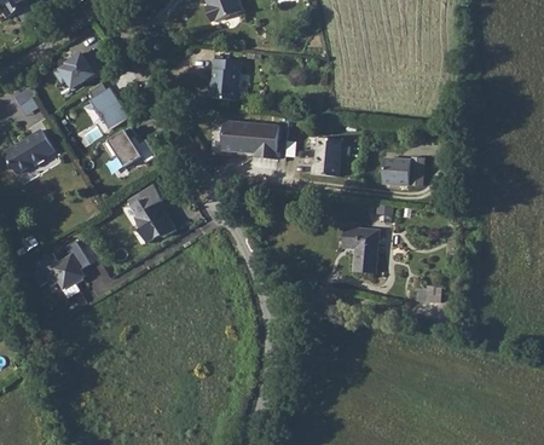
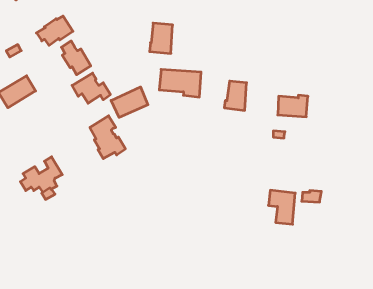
building: none -> [111,87,148,117]
building: [343,226,380,272] -> [268,190,295,224]

